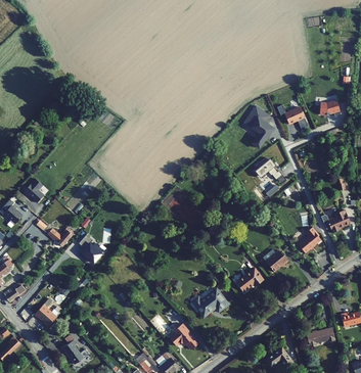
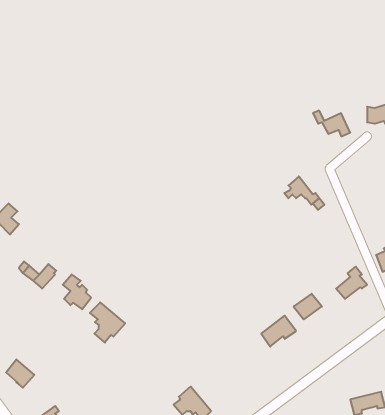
building: [244,106,270,148] -> none
building: none -> [90,302,125,343]
building: [192,289,228,317] -> none

